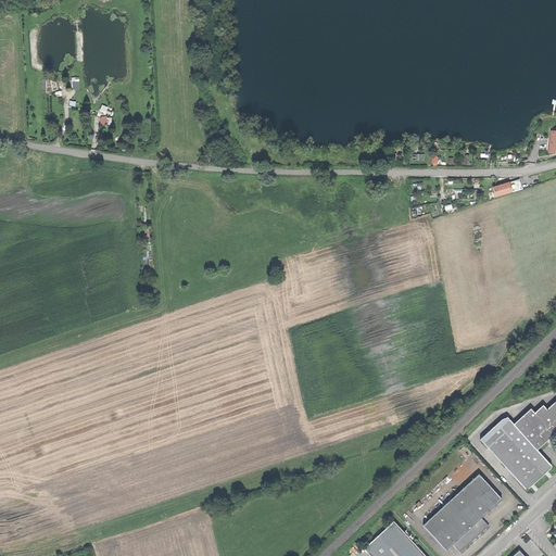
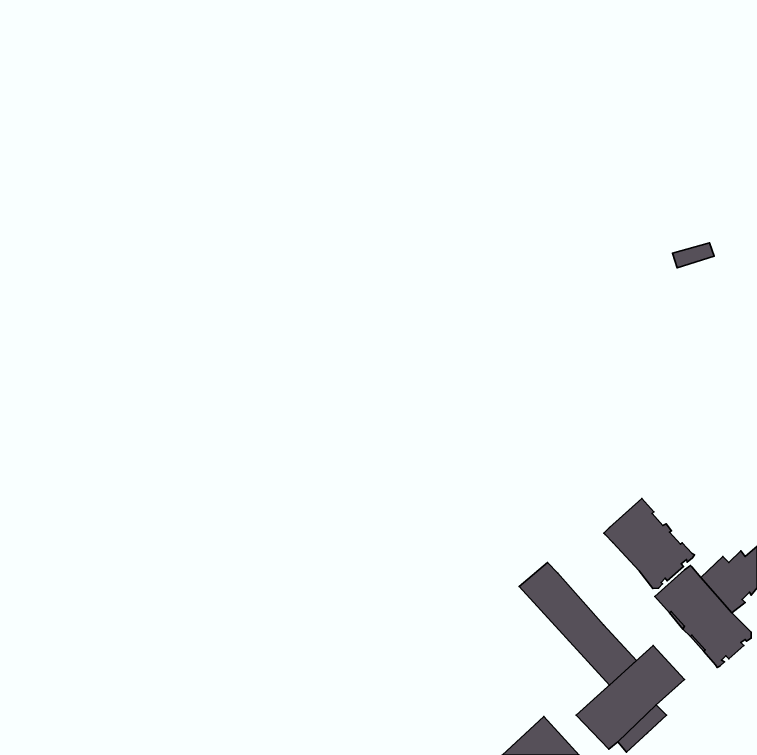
building: none -> [604,498,695,588]
building: none -> [519,563,636,685]

